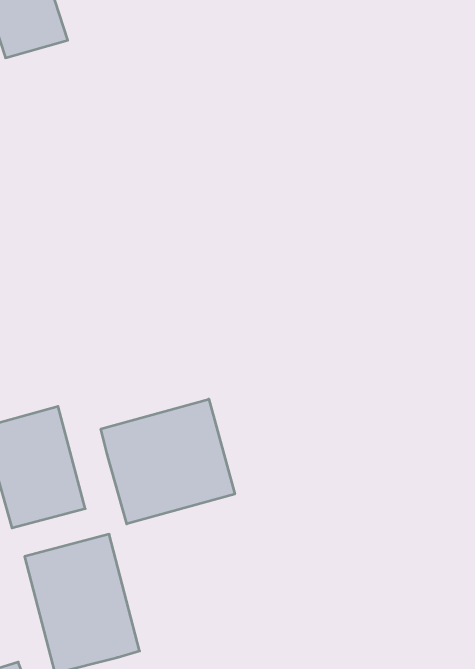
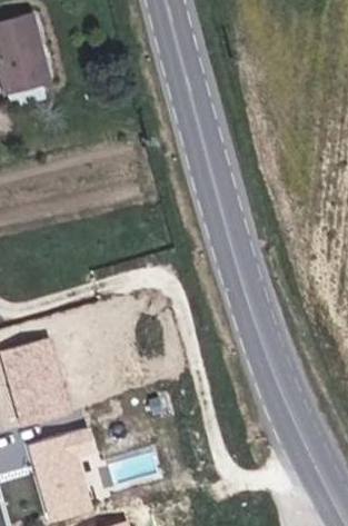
building: [101,399,235,524] -> none

